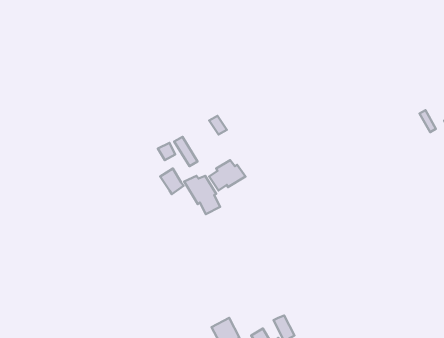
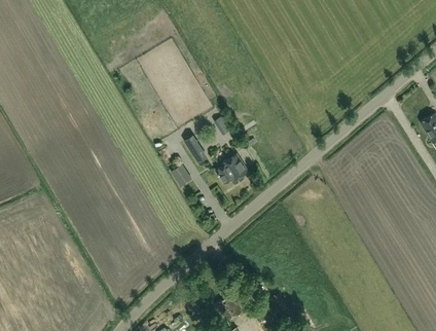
building: [184,176,220,214] -> none

